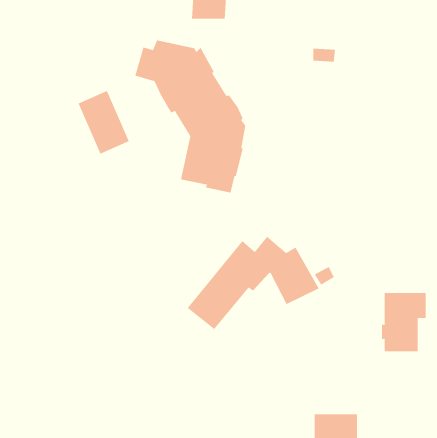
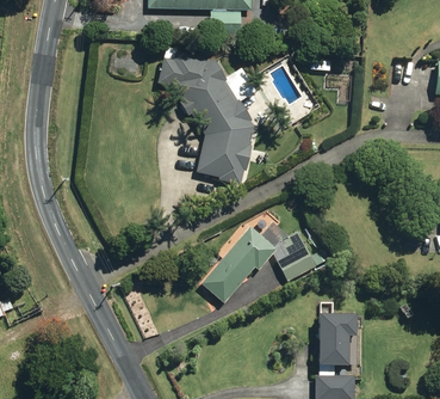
building: [78,90,130,154] -> none
building: [381,292,427,352] -> [312,312,352,363]

